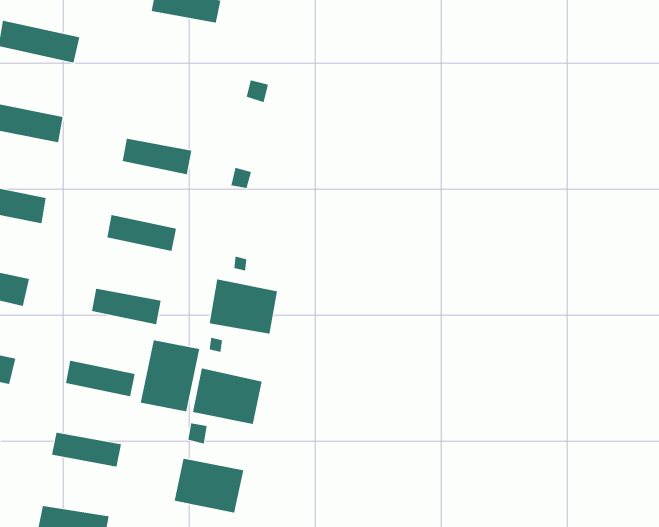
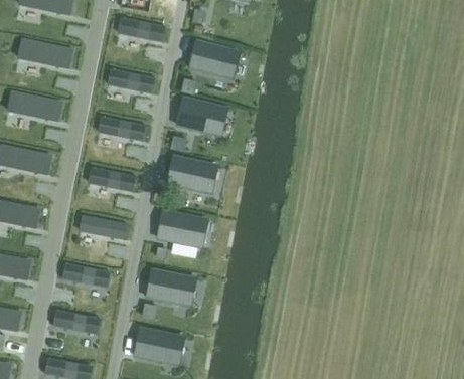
building: none -> [189,40,237,78]
building: none -> [110,70,156,94]
building: none -> [177,98,224,136]
building: none -> [167,155,213,192]
building: [140,340,200,412] -> none

